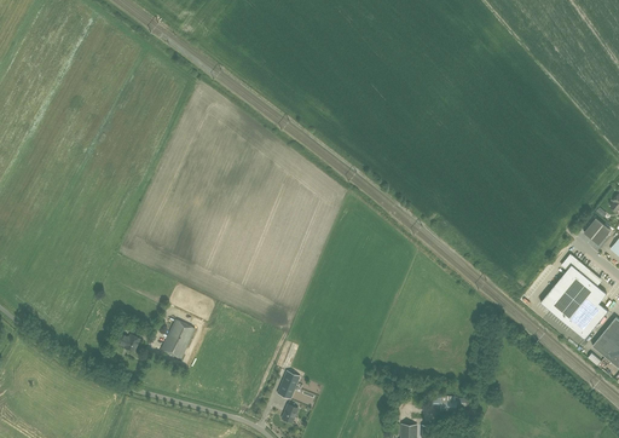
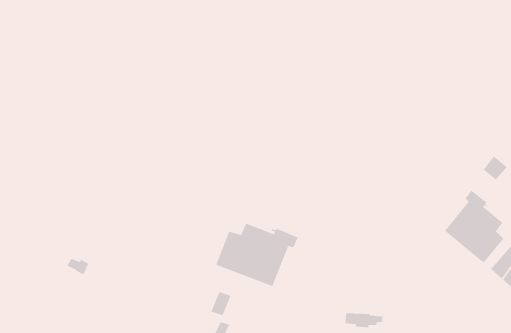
building: none -> [216,223,299,287]
building: [162,319,195,358] -> none

